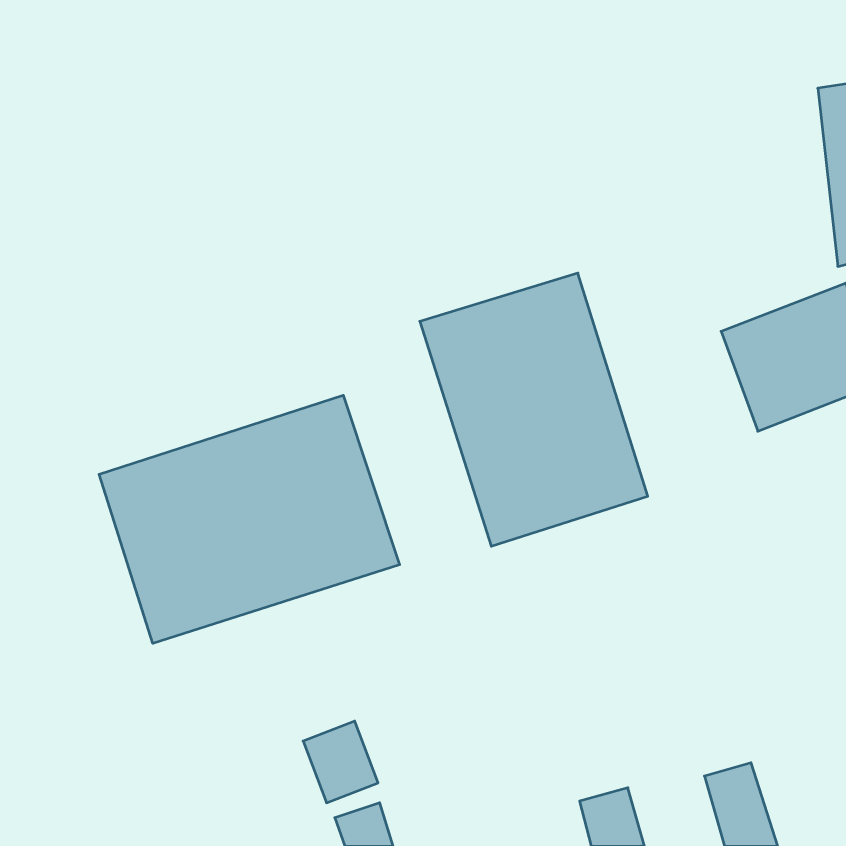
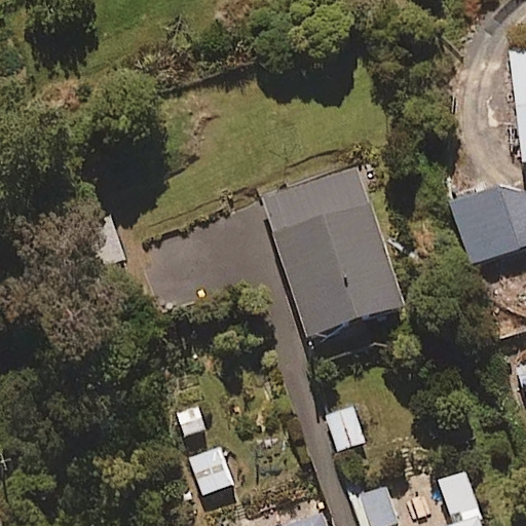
building: [99,395,400,643] -> none

